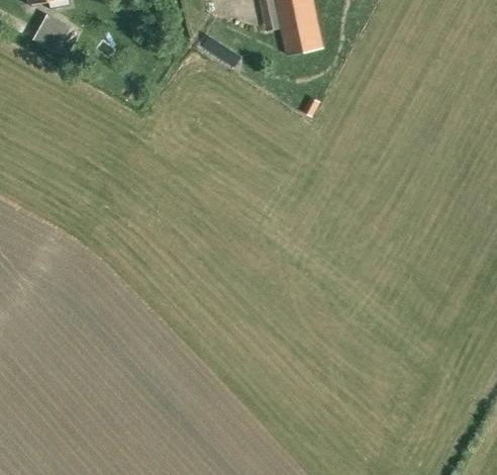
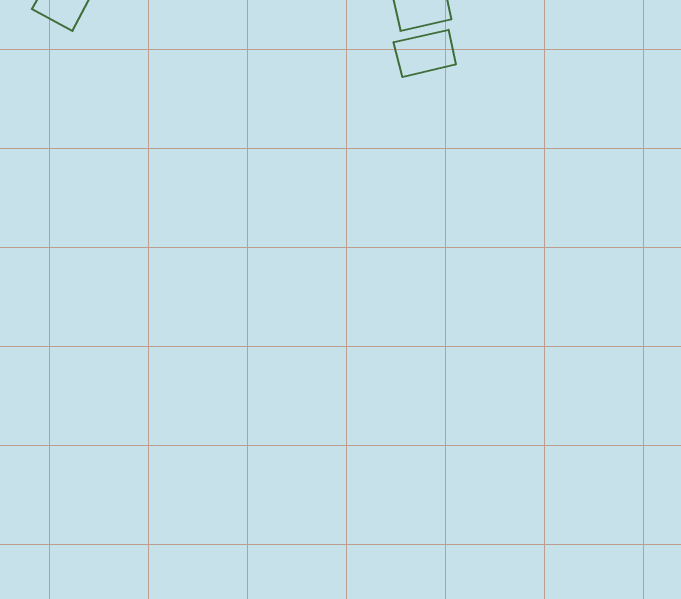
building: none -> [394,30,456,77]

